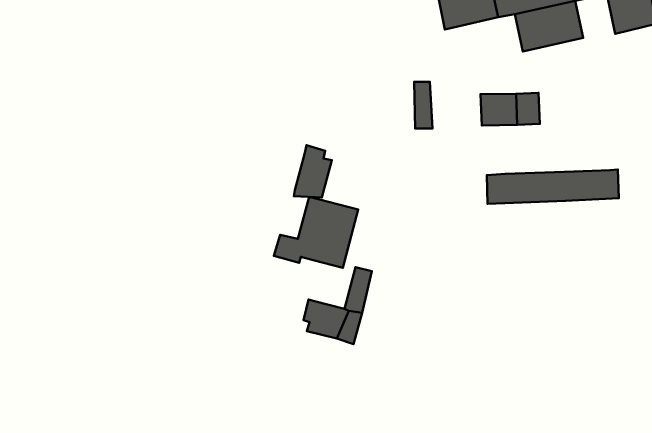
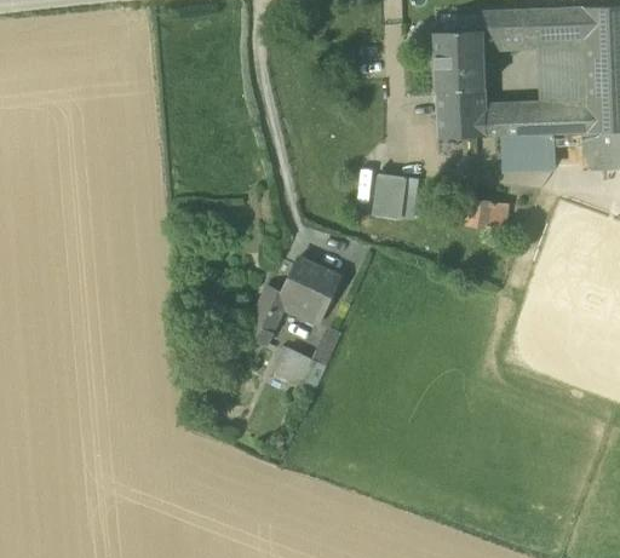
building: none -> [373,173,404,217]
building: [294,145,332,197] -> none
building: [487,170,619,204] -> none
building: none -> [245,304,280,340]

